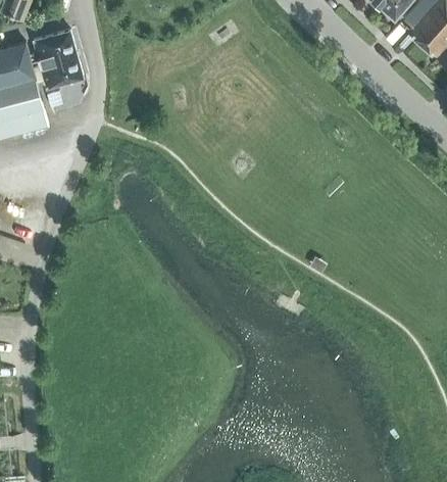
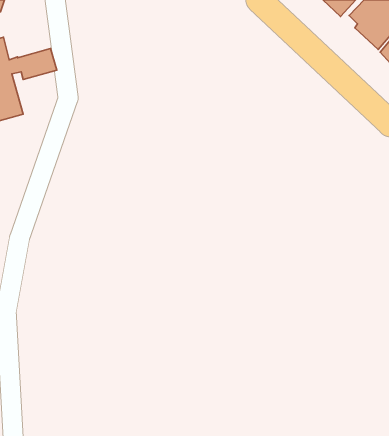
building: [35,31,77,64] -> none

